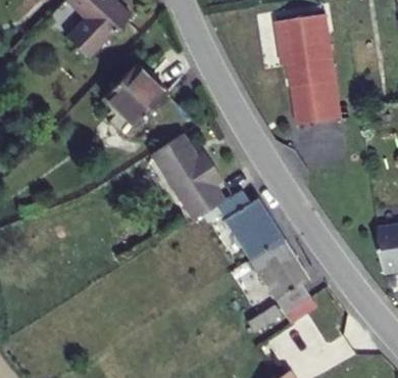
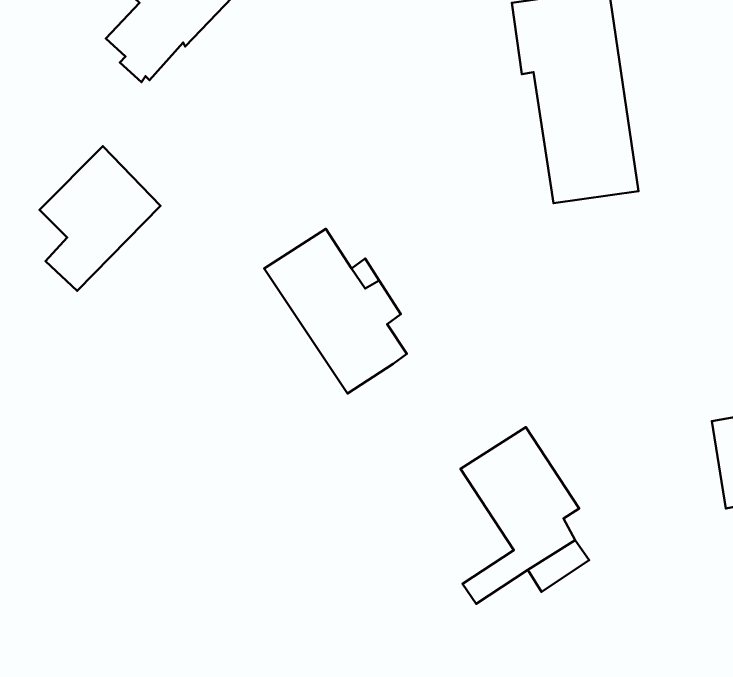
building: [105,63,167,138] -> [40,146,160,291]
building: [215,189,284,258] -> none

